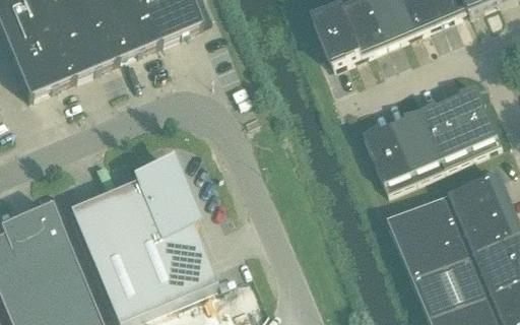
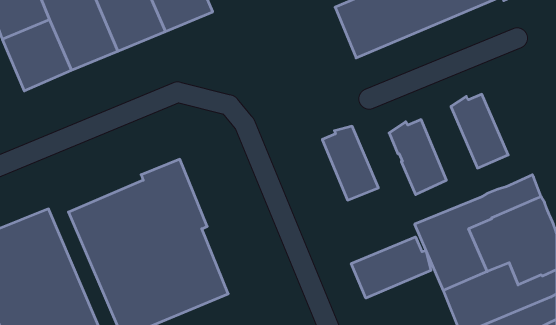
building: [450,84,503,153] -> none
building: [394,109,446,177] -> [322,126,378,200]
building: none -> [351,237,431,298]

